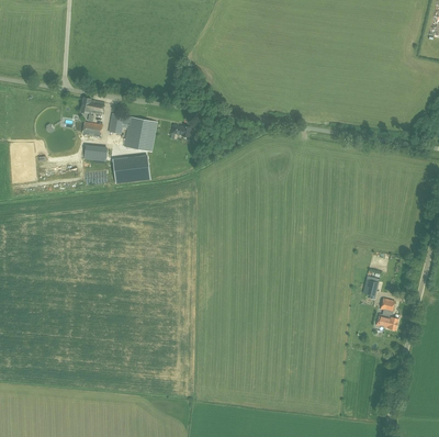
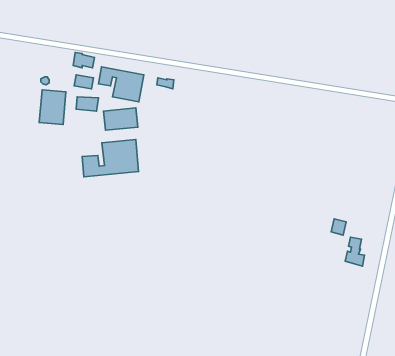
building: none -> [39,90,66,125]
building: none -> [82,140,139,177]

